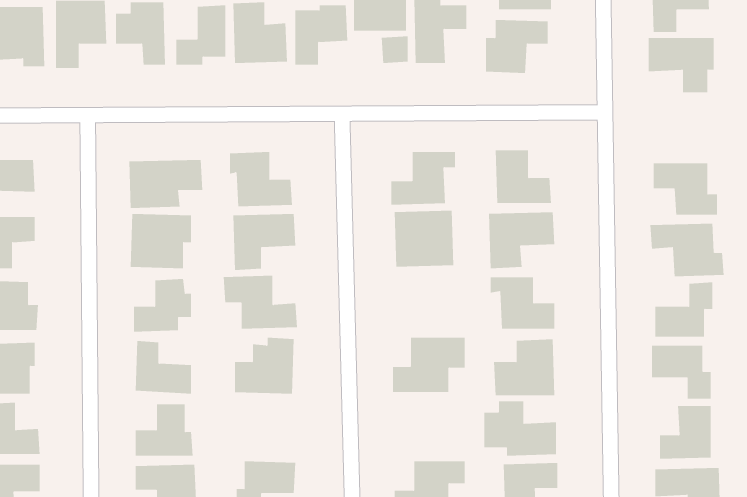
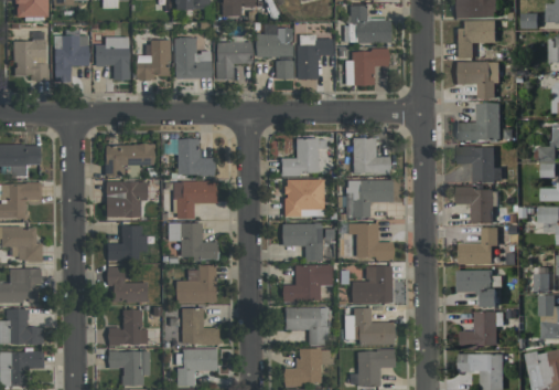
building: none -> [456,102,502,140]
building: none -> [281,223,323,261]
building: none -> [181,307,218,345]
building: none -> [284,307,329,345]

